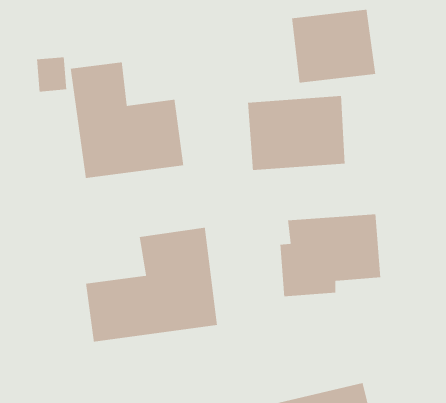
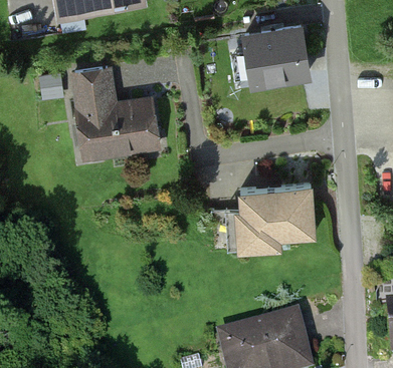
building: [247,95,345,171] -> none
building: [85,227,218,343] -> none

